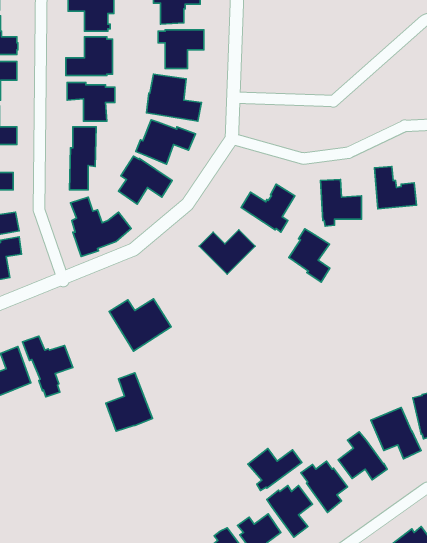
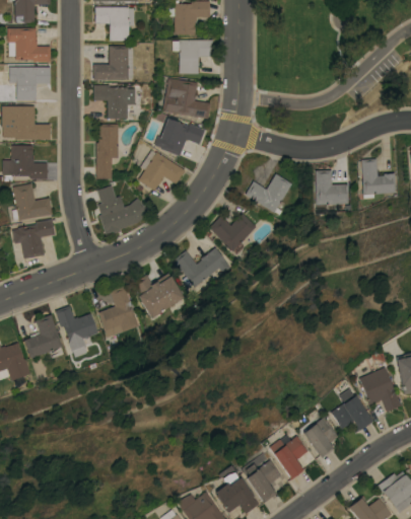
building: [289,229,330,282] -> none
building: none -> [175,247,232,287]
building: [106,373,153,431] -> [99,286,140,337]
building: [248,448,302,491] -> none

